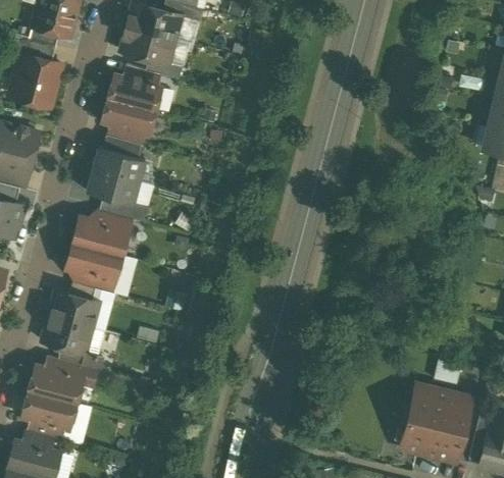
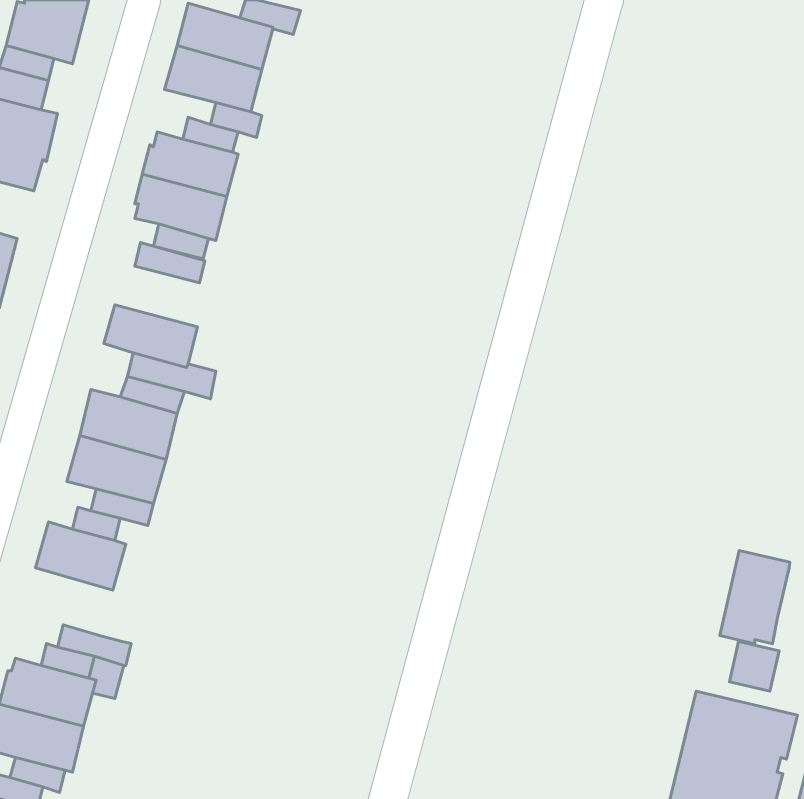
building: [94,148,146,182] -> none
building: none -> [720,551,790,644]
building: [43,316,93,354] -> none

